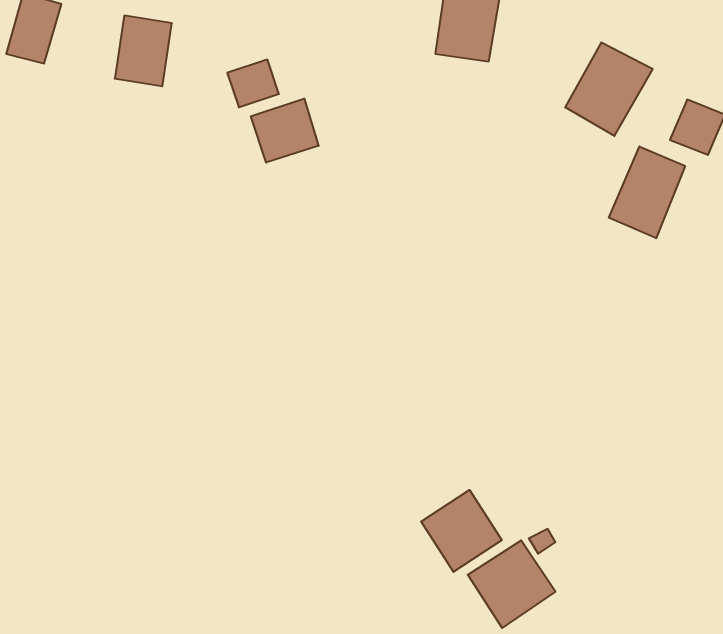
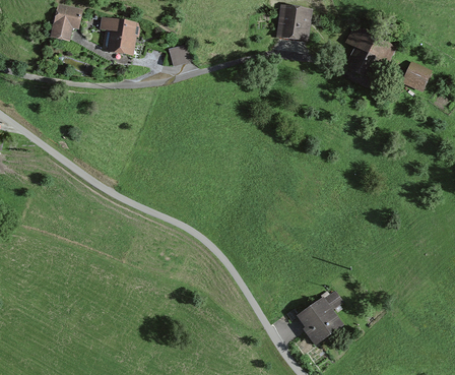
building: [251,99,319,163] -> none
building: [609,146,685,238] -> none
building: [421,490,502,572] -> none

